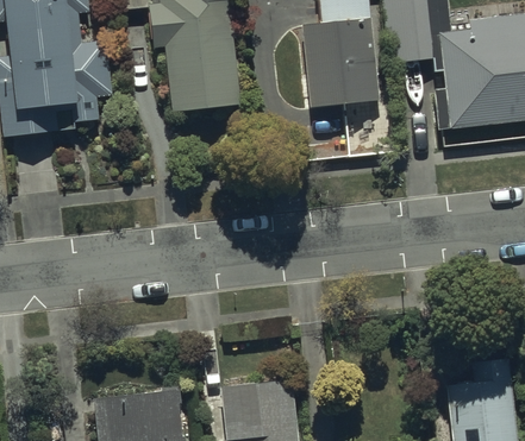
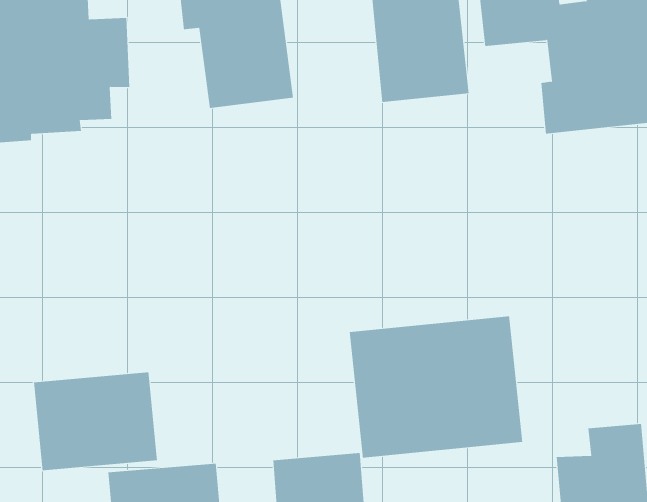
building: none -> [349,316,523,459]
building: none -> [33,372,158,471]

